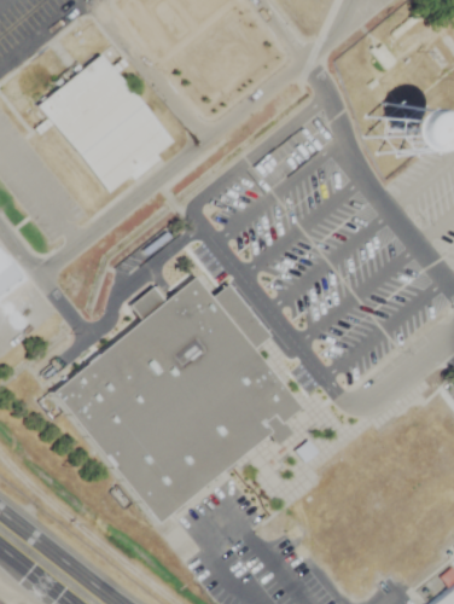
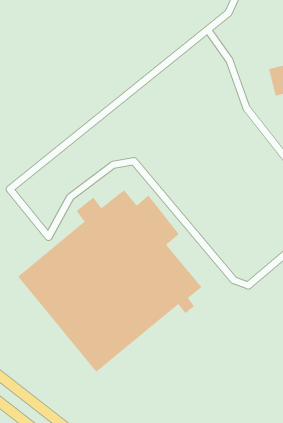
building: [39,53,173,192] -> none

